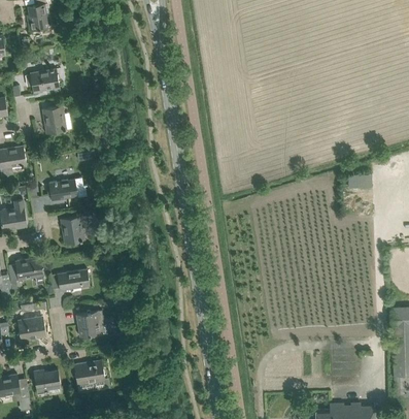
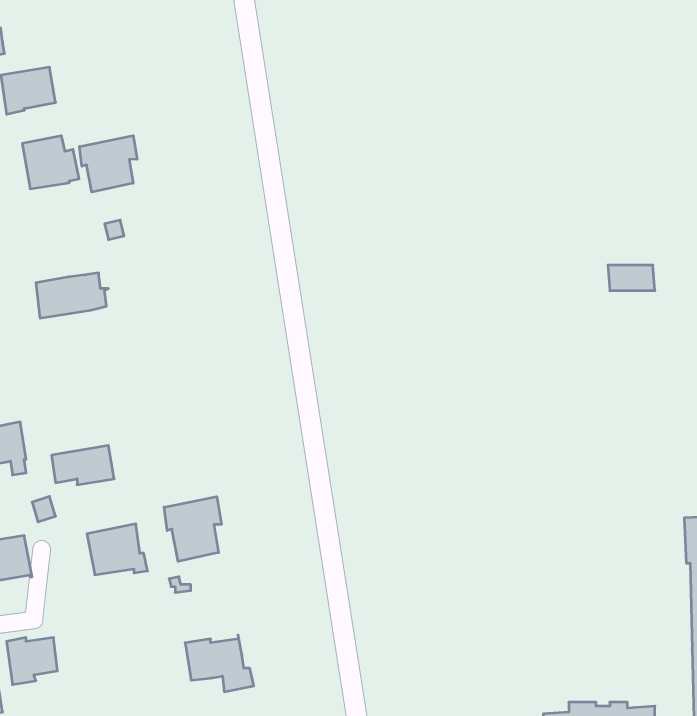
building: none -> [80,136,137,192]
building: [60,216,84,244] -> none
building: none -> [164,497,221,561]
building: [73,360,109,390] -> [185,635,254,692]

